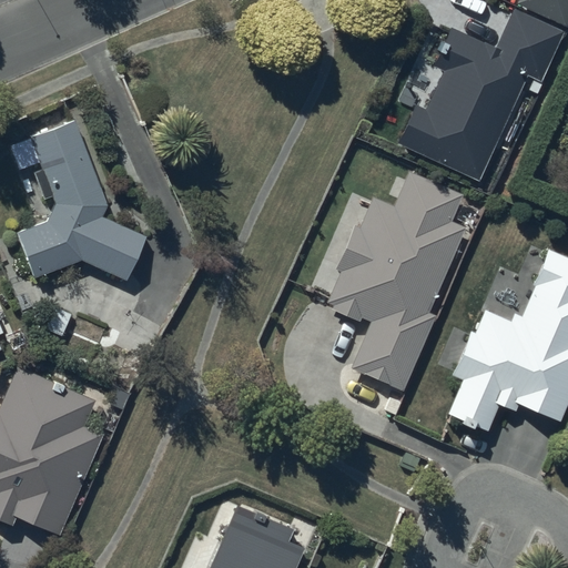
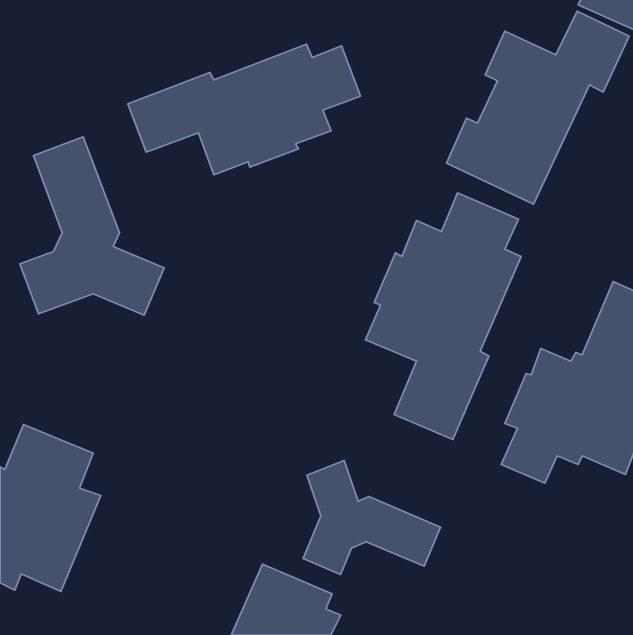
building: none -> [128,44,361,175]
building: none -> [303,460,441,574]

